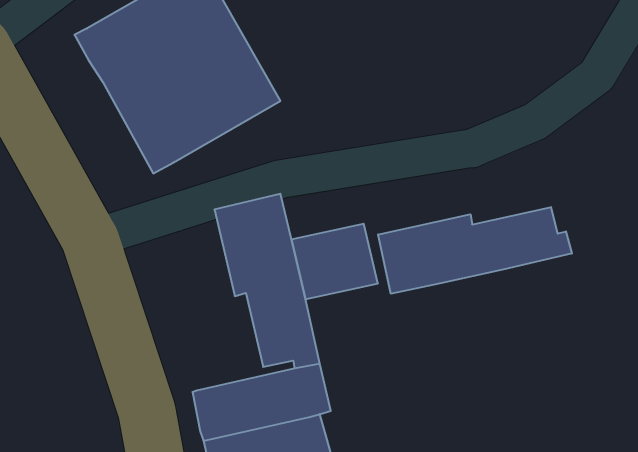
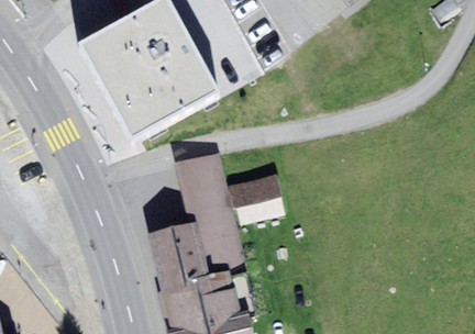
building: [378,207,572,294] -> none
building: none -> [147,220,229,288]

